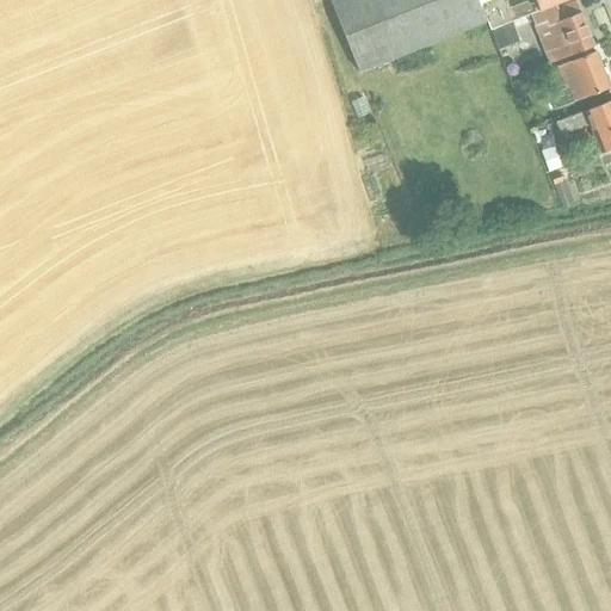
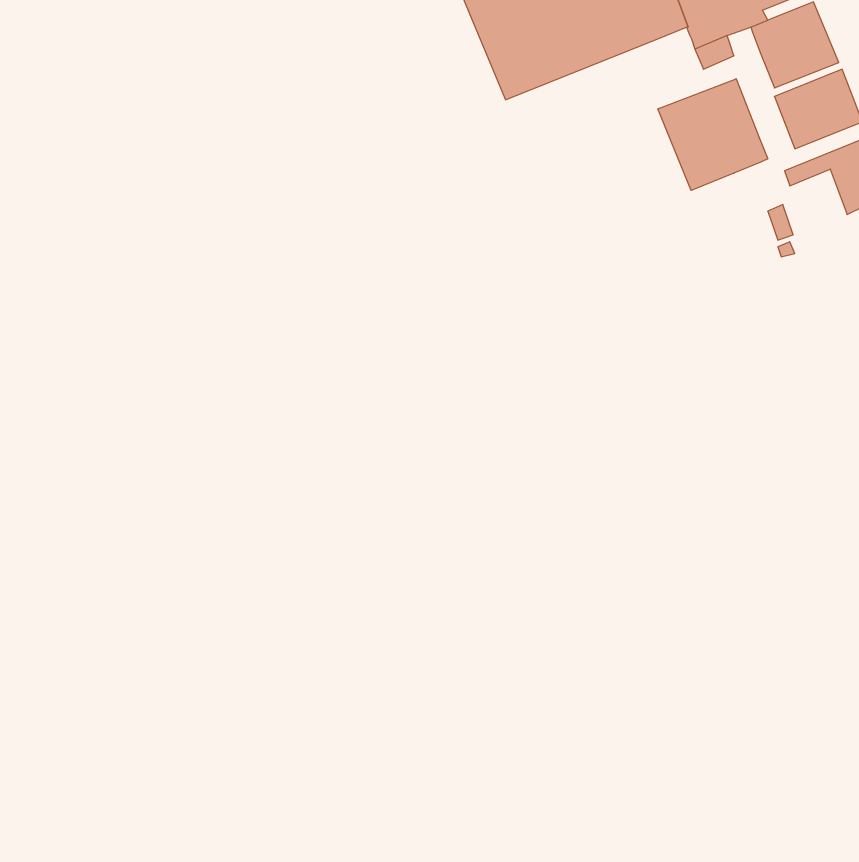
building: none -> [658,79,768,190]

